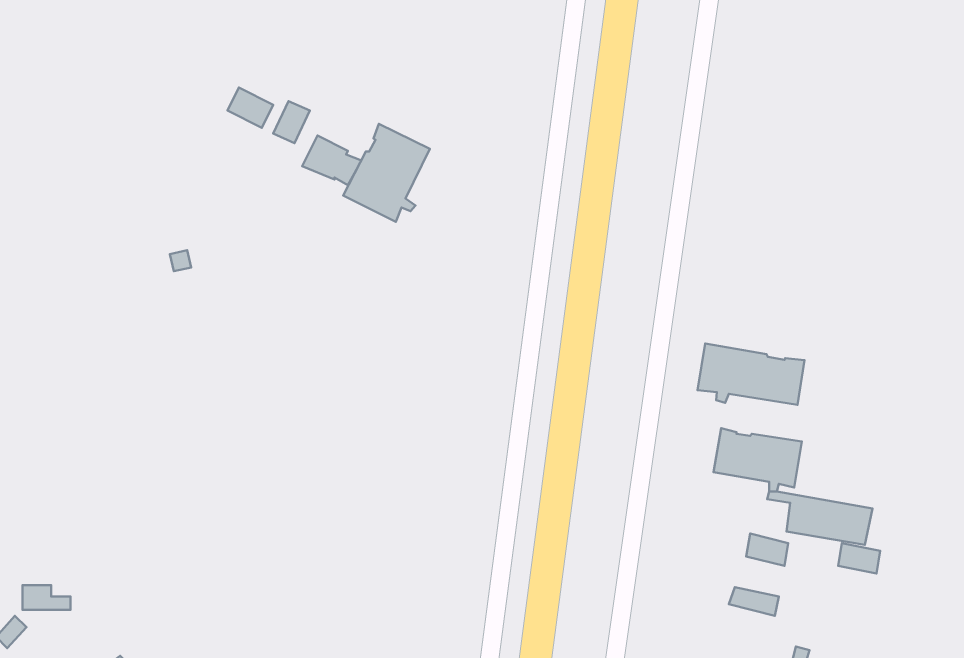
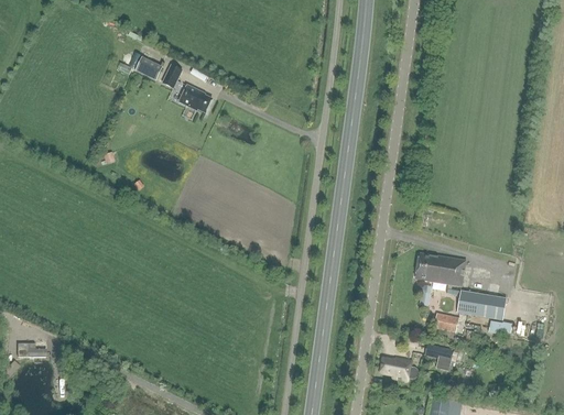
building: [343,124,430,222] -> none
building: [698,343,804,405] -> none
building: none -> [380,357,419,380]

